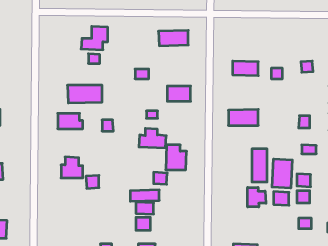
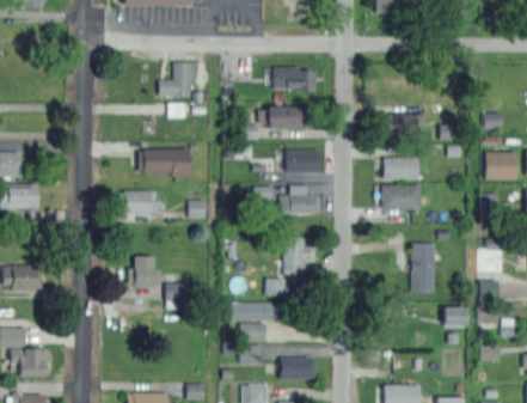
building: none -> [266,105,305,128]
building: none -> [484,151,516,179]
building: none -> [382,157,417,179]
building: [139,128,166,148] -> [280,184,320,213]
building: [272,159,292,188] -> none
building: [248,187,266,207] -> none
building: none -> [280,356,315,379]

